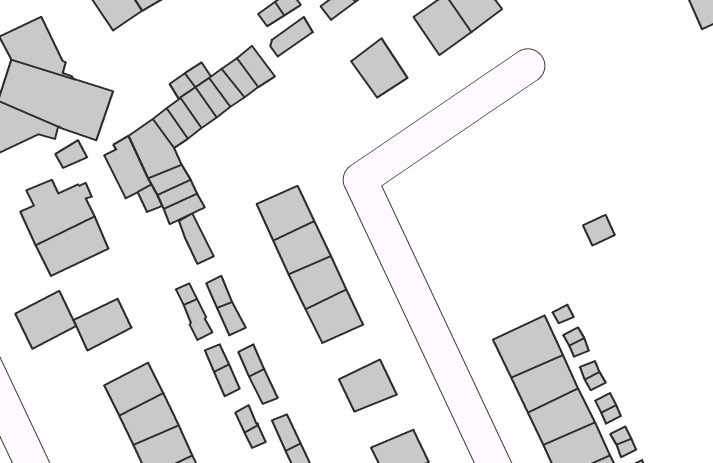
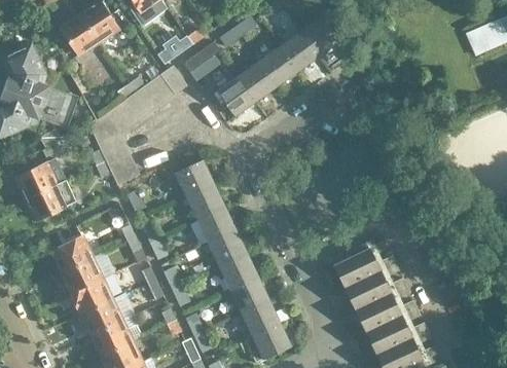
building: none -> [260,46,299,87]
building: none -> [217,76,257,117]
building: [15,291,76,349] -> [62,256,103,295]
building: none -> [220,254,259,291]
building: none -> [242,301,282,337]

